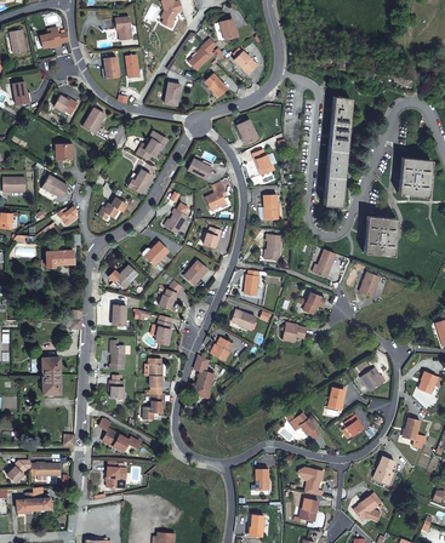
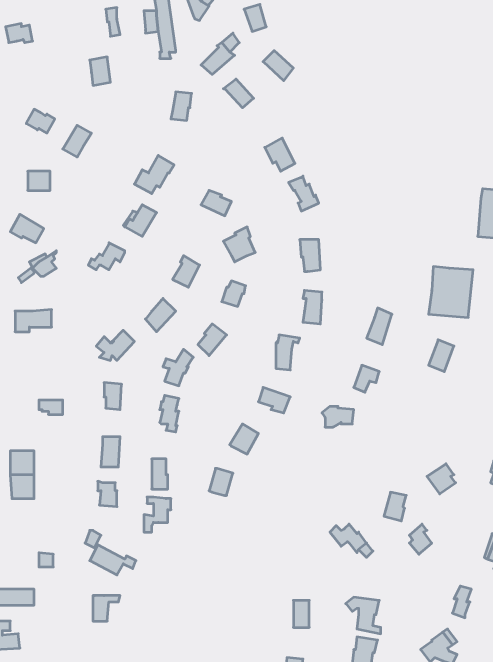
building: [320,112,344,206] -> none

